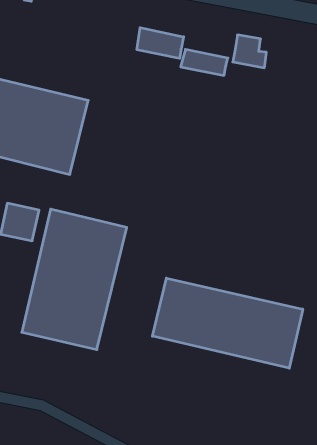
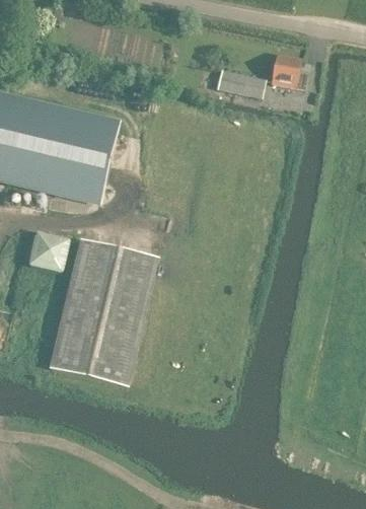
building: [137,28,184,58] -> none
building: [152,278,303,368] -> none

